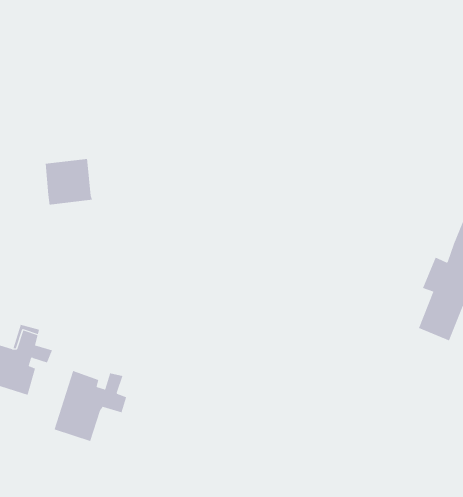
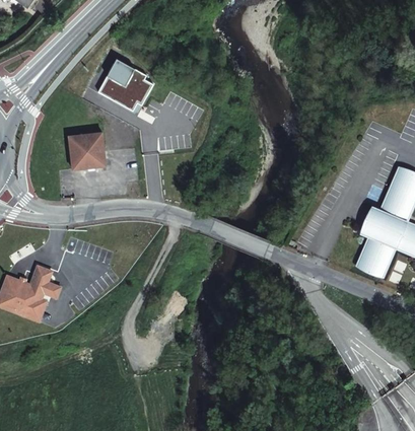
building: none -> [96,58,150,114]
building: [54,370,127,442] -> none

